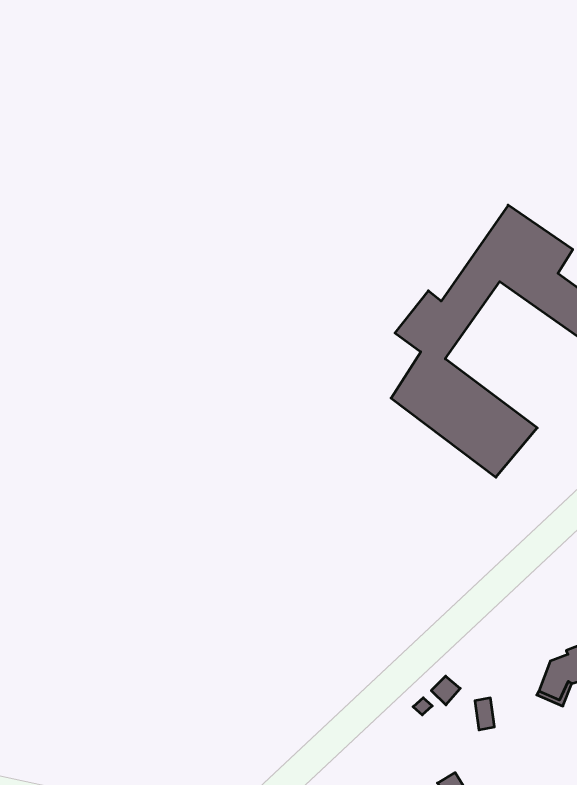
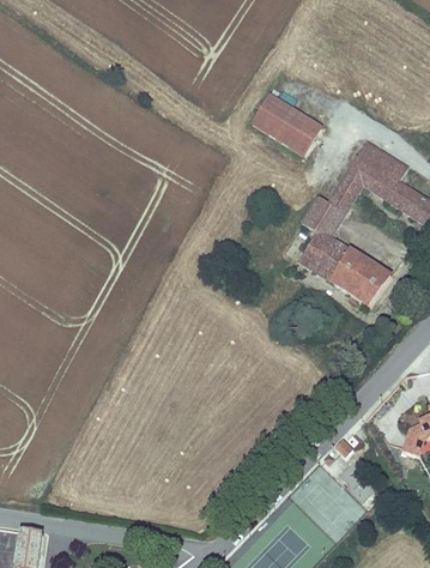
building: none -> [253,93,322,155]

